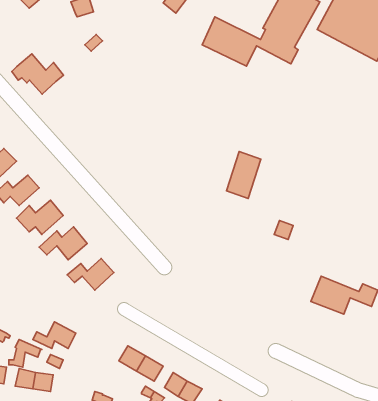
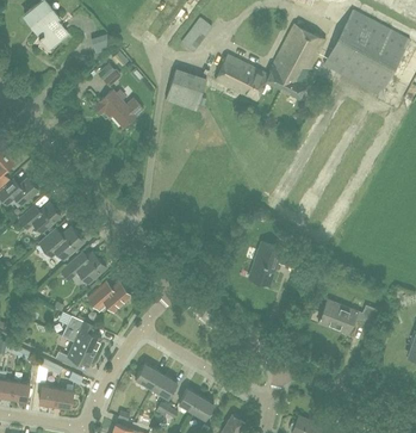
building: none -> [166,68,206,110]
building: [12,54,64,94] -> [94,89,143,128]
building: [227,152,261,198] -> [249,241,281,285]
building: none -> [67,315,103,352]

